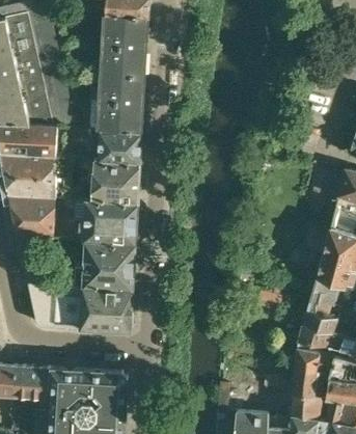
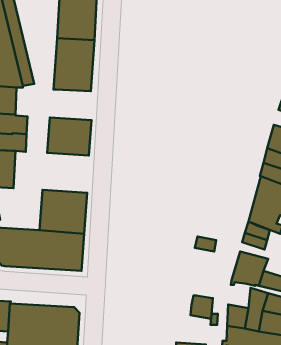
building: [93,131,142,165] -> none
building: [73,200,137,246] -> none
building: [293,349,318,375] -> [191,296,213,319]

